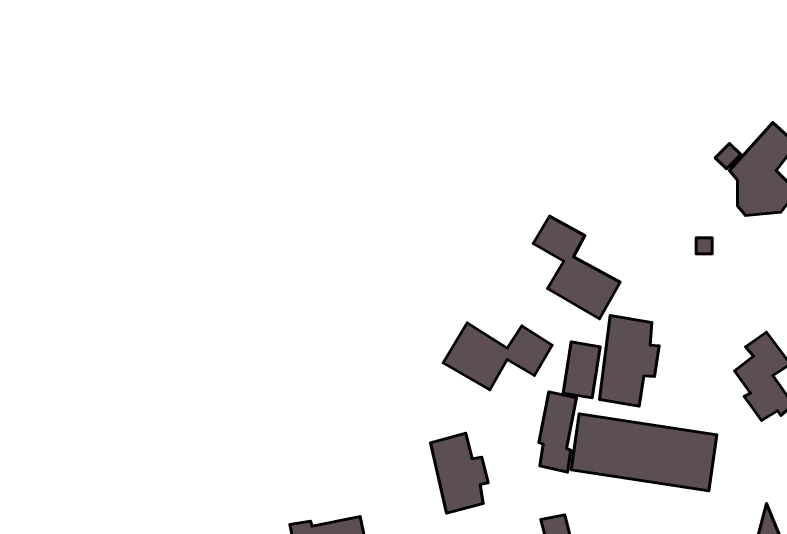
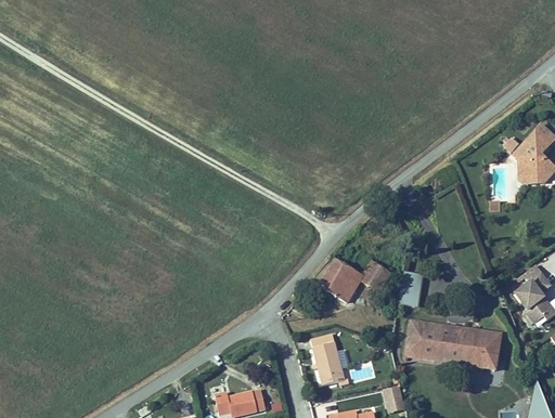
building: [533,216,620,319] -> none
building: [599,316,659,406] -> none
building: [539,392,576,472] -> none

